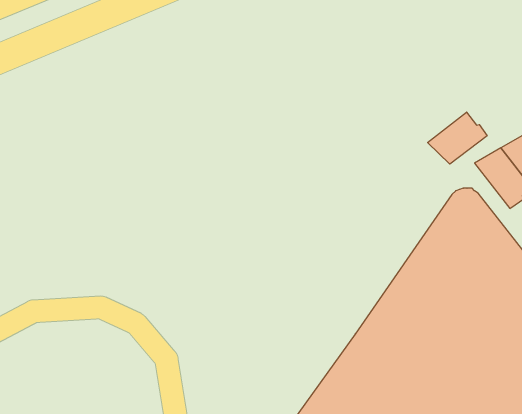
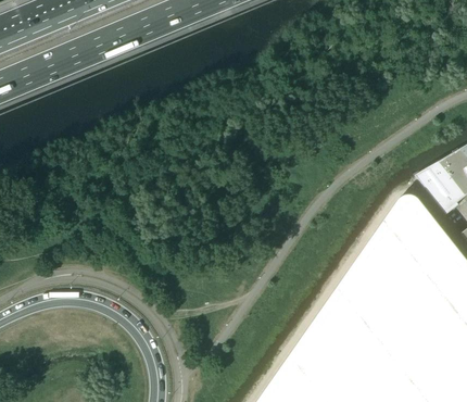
building: [428,112,487,164] -> none

